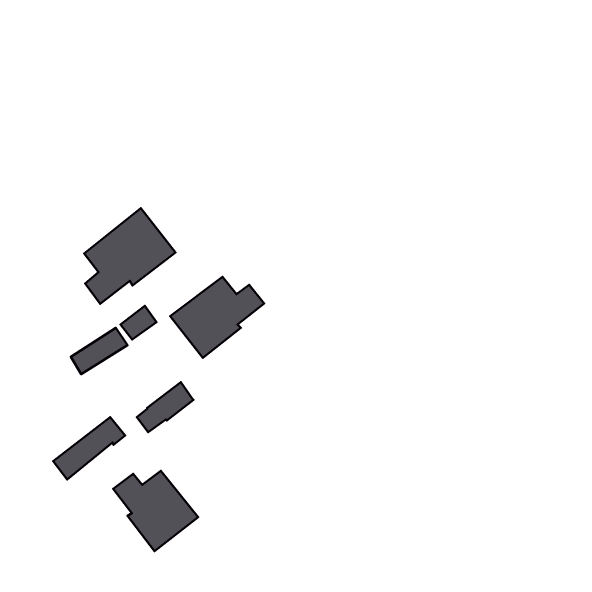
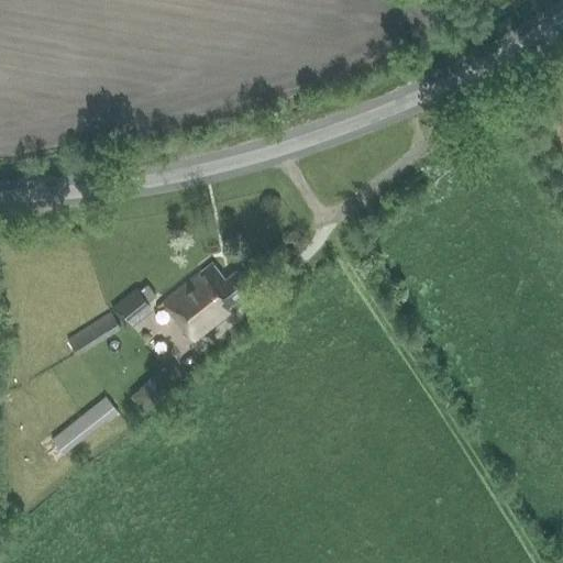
building: [84,208,176,304] -> none
building: [113,471,198,551] -> none

